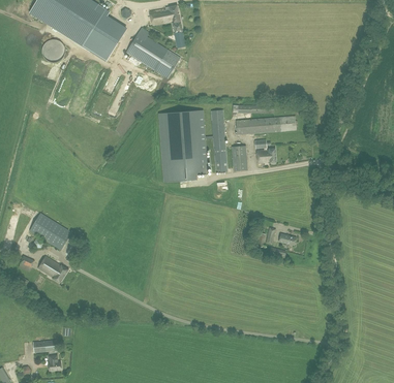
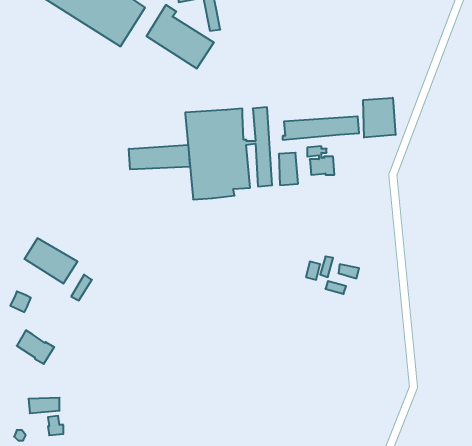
building: none -> [363,98,396,138]
building: none -> [129,145,190,169]
building: [37,255,67,282] -> [17,330,54,364]

